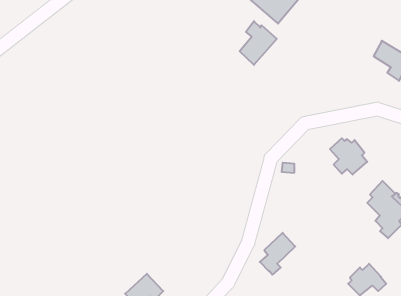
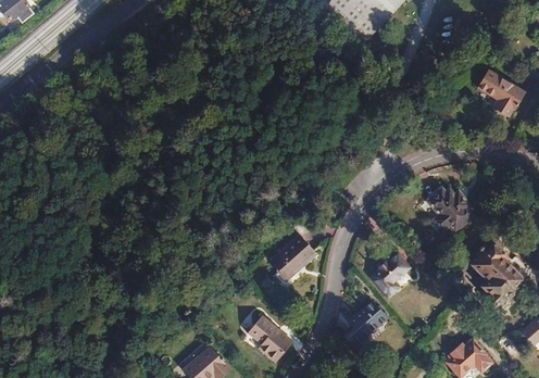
building: [240,21,277,65] -> none
building: none -> [271,234,315,278]
building: none -> [371,253,406,293]
building: none -> [247,317,289,362]

